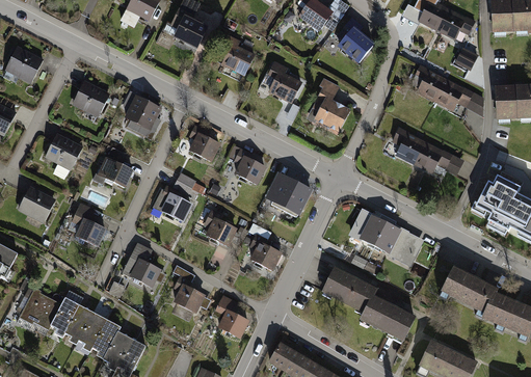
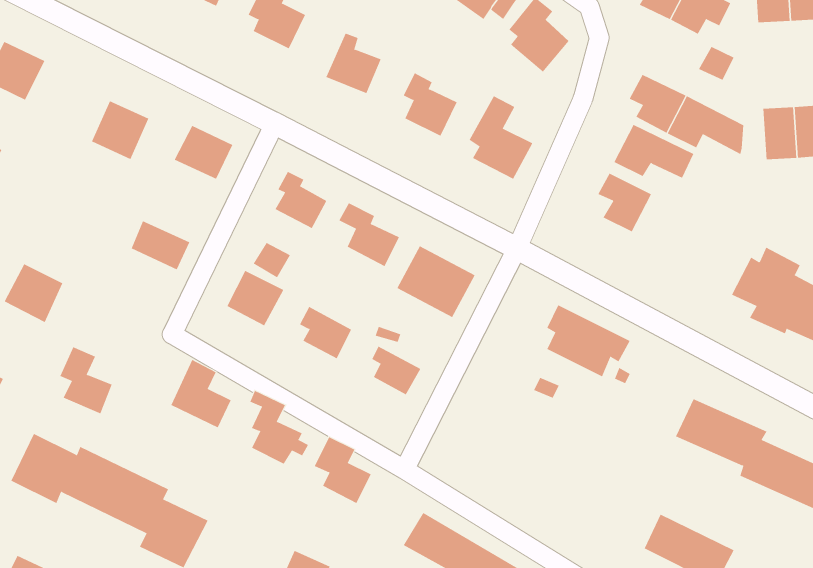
building: [45,132,82,168] -> none
building: [413,140,463,174] -> [613,124,694,179]
building: [72,201,105,244] -> [60,347,112,414]
building: [321,271,415,343] -> none

